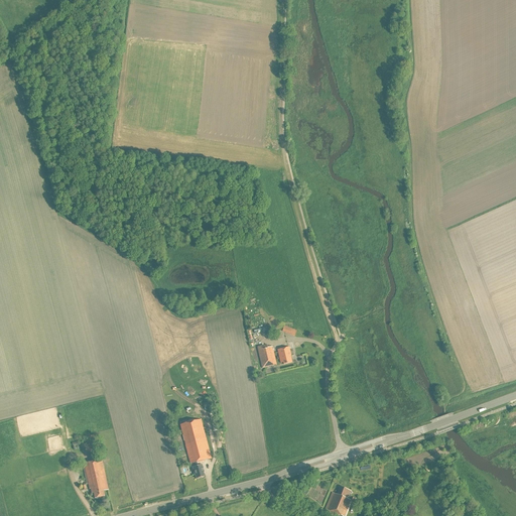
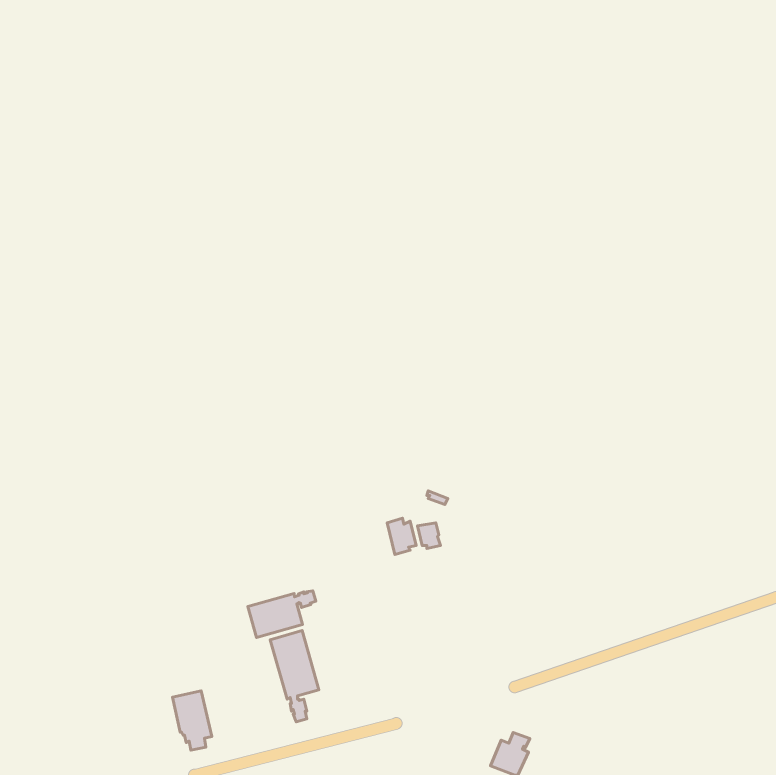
building: none -> [248,591,316,637]
building: [83,459,109,498] -> [172,691,212,750]

